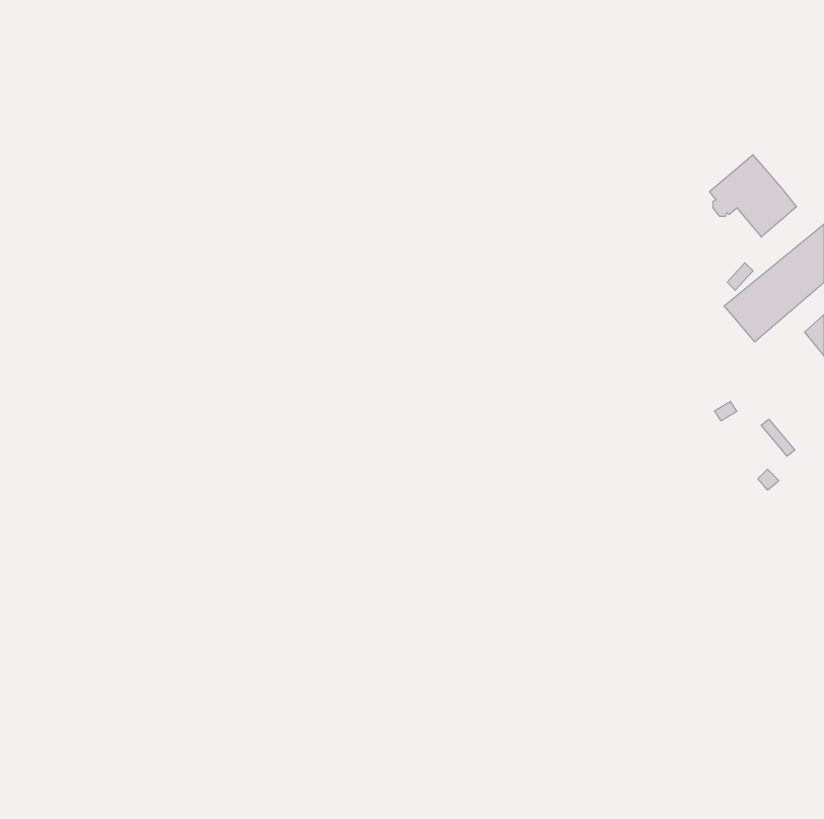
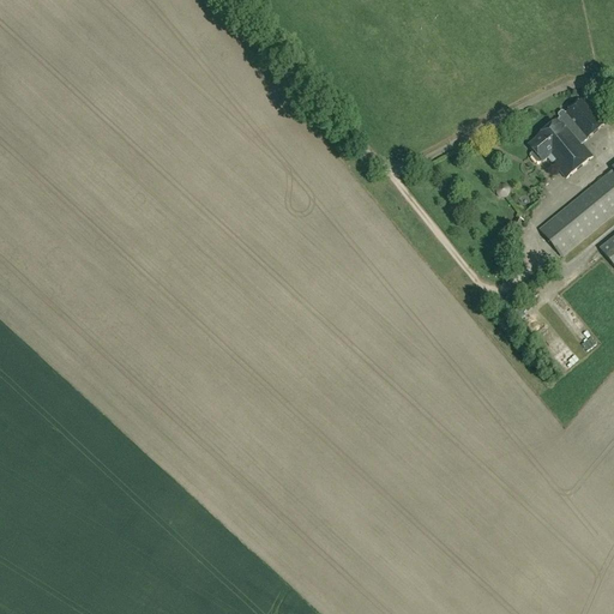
building: none -> [558,96,603,140]

